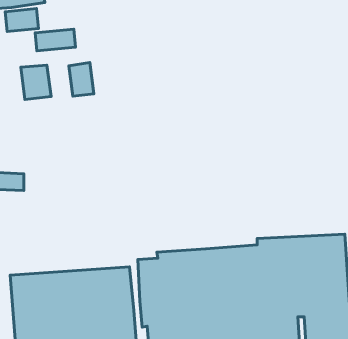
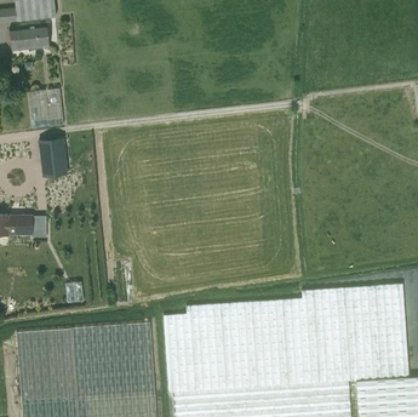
building: [35,29,75,51] -> none
building: [69,63,94,96] -> [36,136,65,175]

